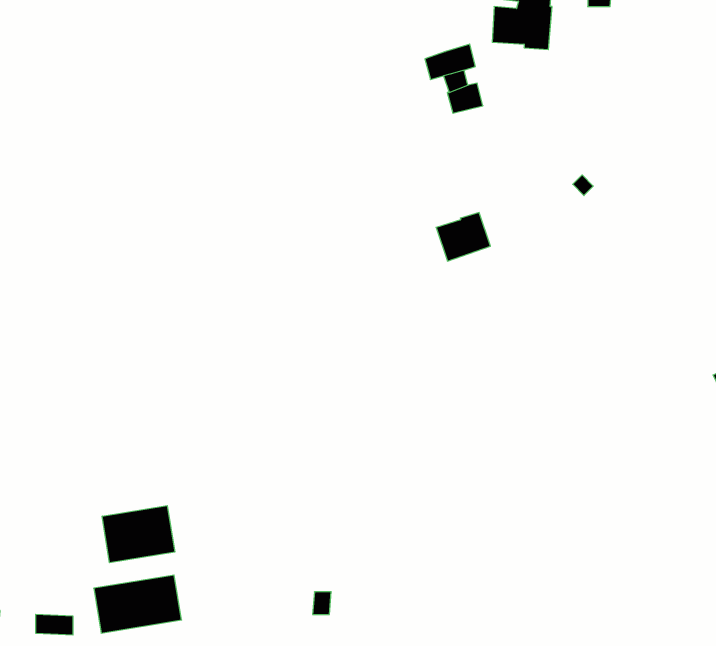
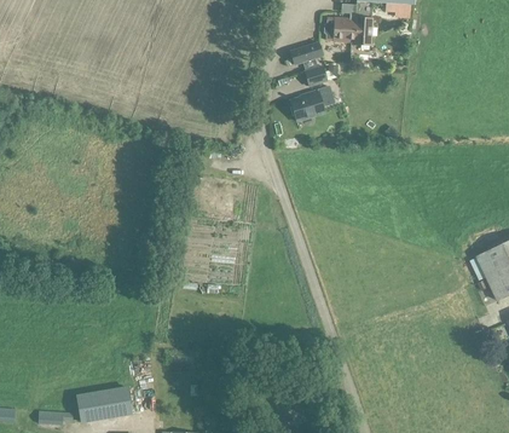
building: [436,213,490,261] -> [290,90,325,121]
building: [102,506,175,563] -> none

